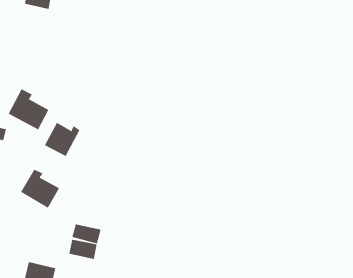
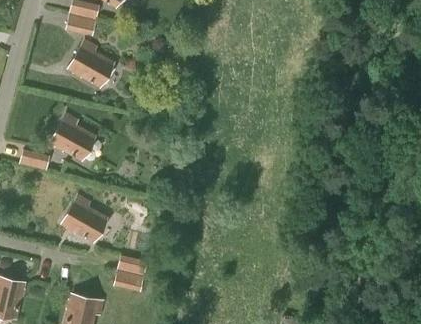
building: none -> [70,43,110,83]
building: [44,122,80,157] -> none

